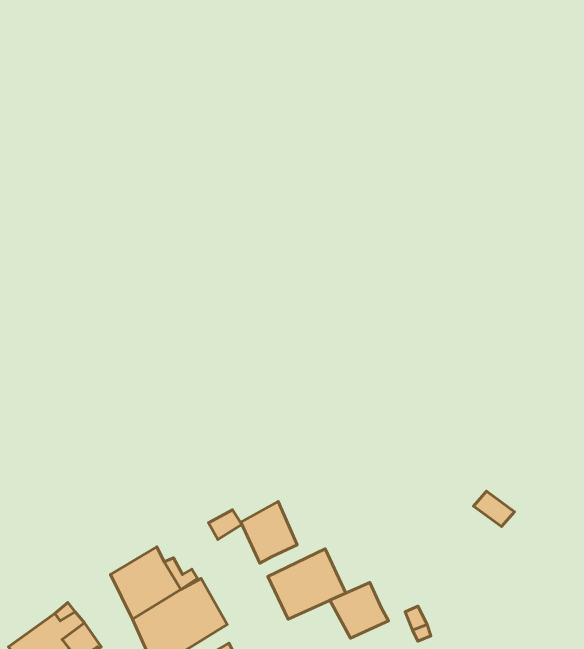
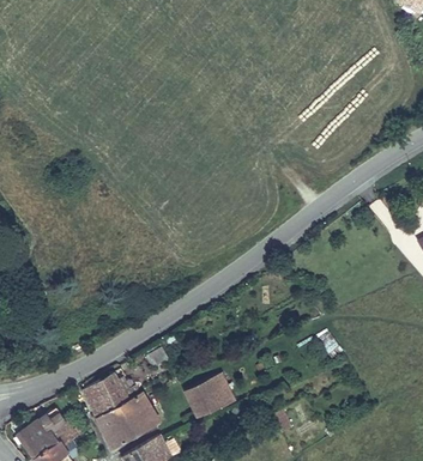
building: [241,502,297,563] -> none
building: [330,583,388,638] -> none

